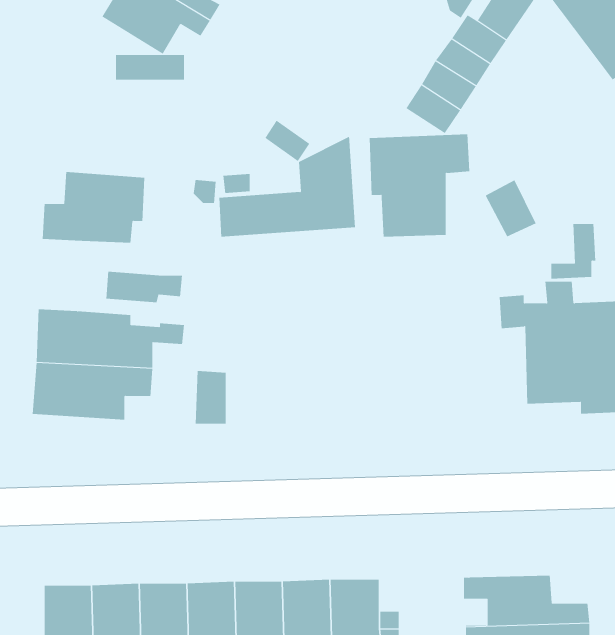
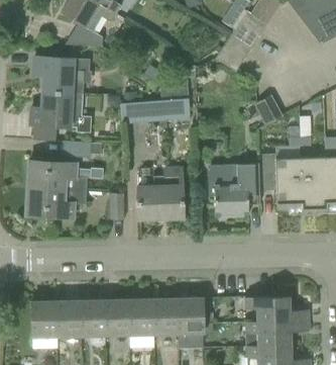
building: none -> [33,57,92,94]
building: [369,134,470,237] -> [208,164,259,216]
building: none -> [136,169,183,219]

